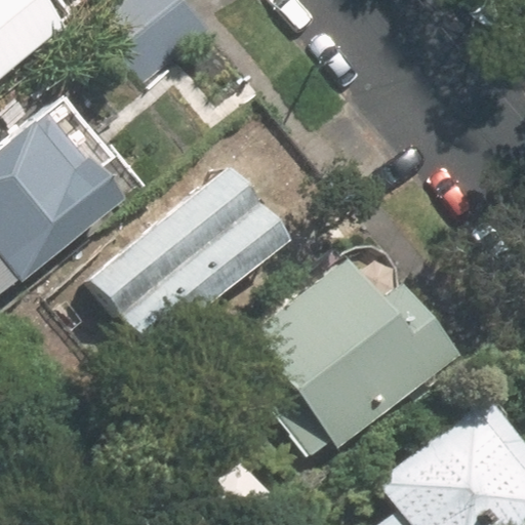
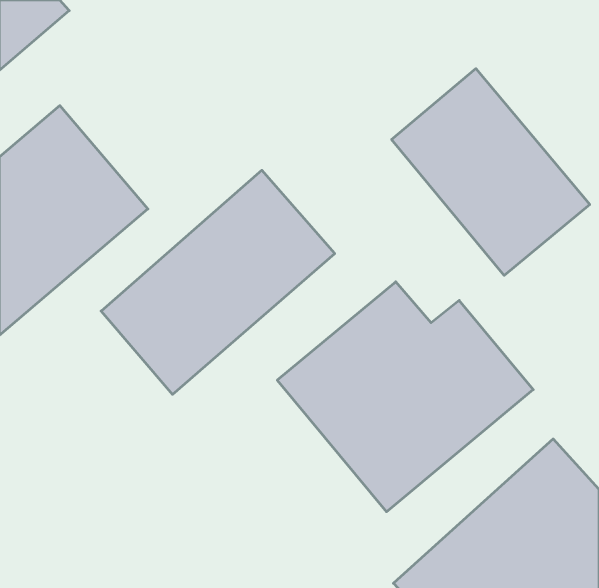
building: none -> [392,69,590,275]

